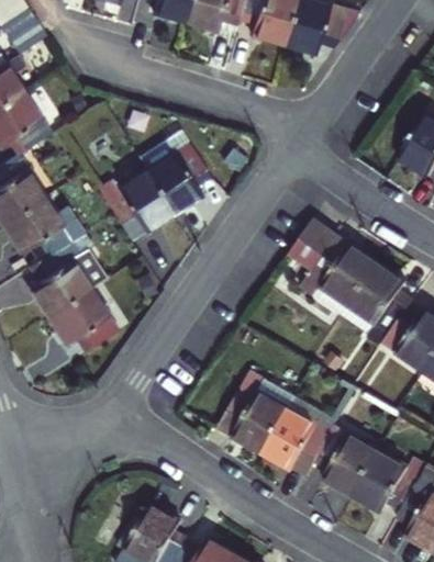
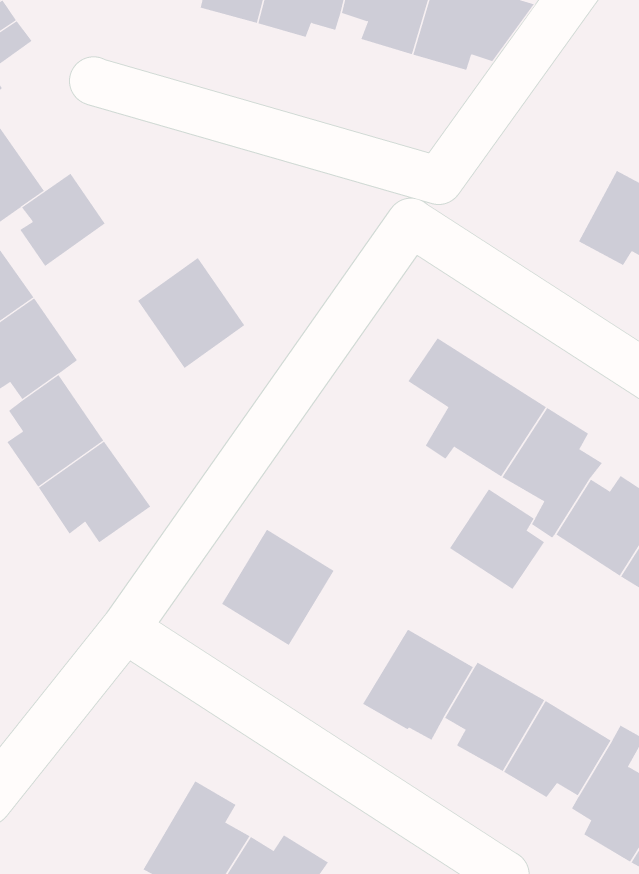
building: none -> [20,173,106,267]
building: [153,140,219,213] -> none
building: none -> [449,488,545,590]
building: [213,378,285,451] -> [221,529,335,646]

